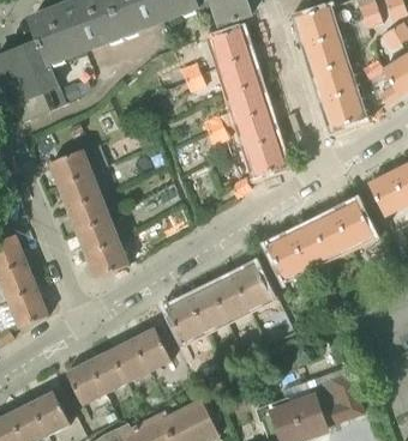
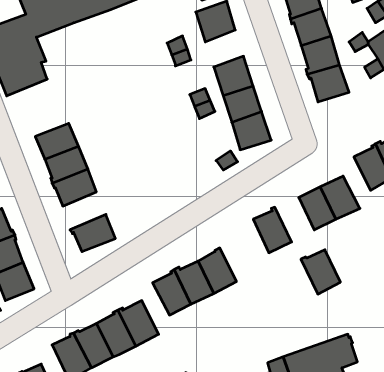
building: [218,56,257,93] -> none
building: [76,218,119,256] -> none
building: [288,224,328,268] -> [301,250,340,294]
building: [233,265,271,308] -> none

